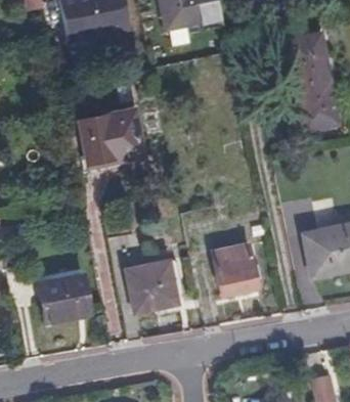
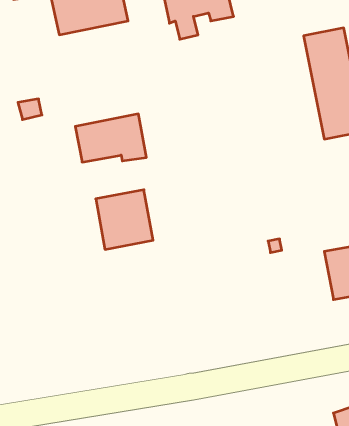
building: [212,242,258,294] -> none
building: [126,256,177,309] -> [96,190,153,249]
building: [40,275,93,324] -> none

